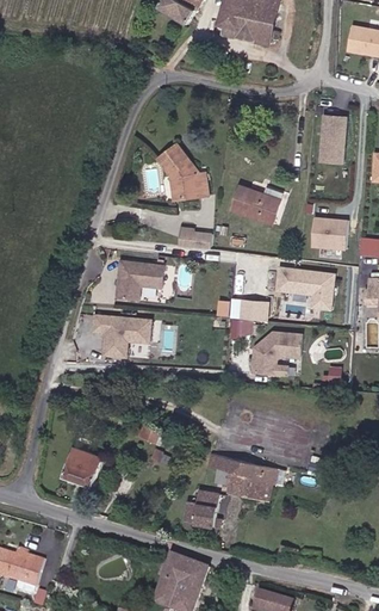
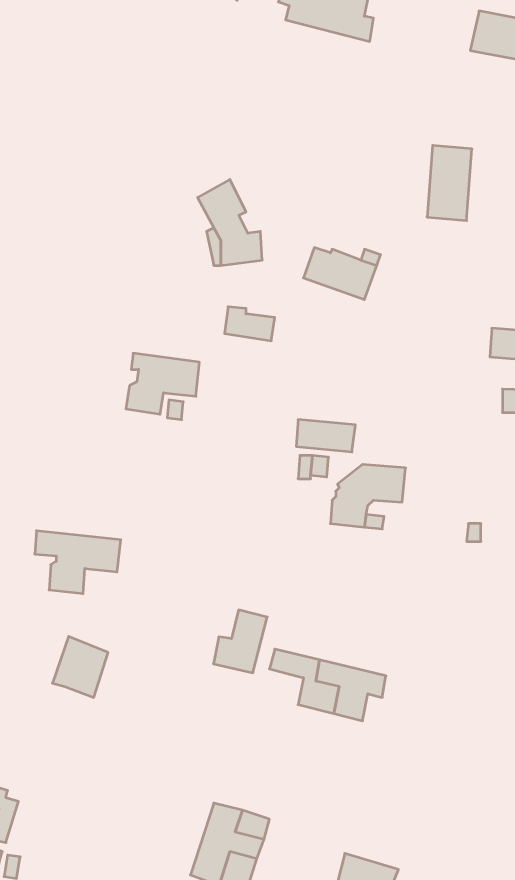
building: [306,220,343,251] -> none
building: [269,269,329,313] -> none
building: [91,310,148,352] -> [35,531,121,594]
building: [187,483,223,525] -> [213,610,267,673]

